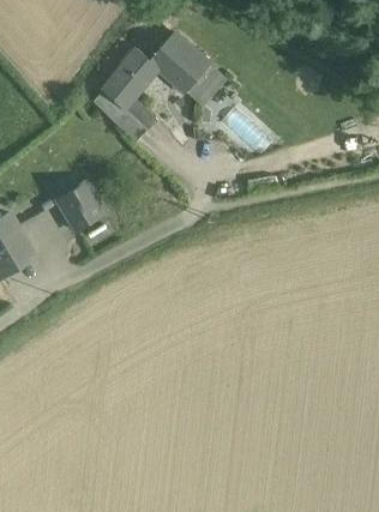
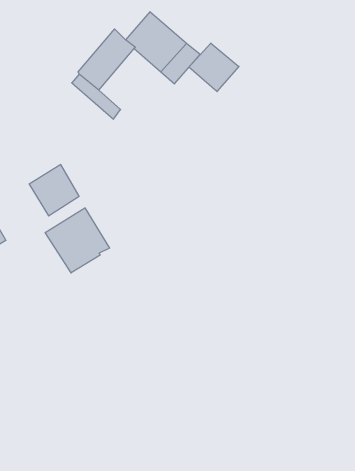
building: none -> [189,43,239,92]
building: none -> [45,208,110,273]

